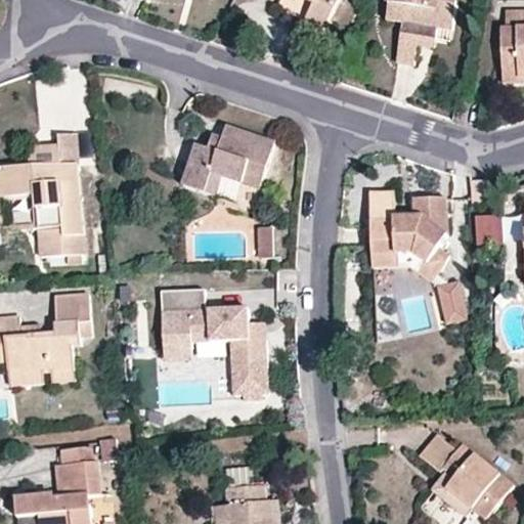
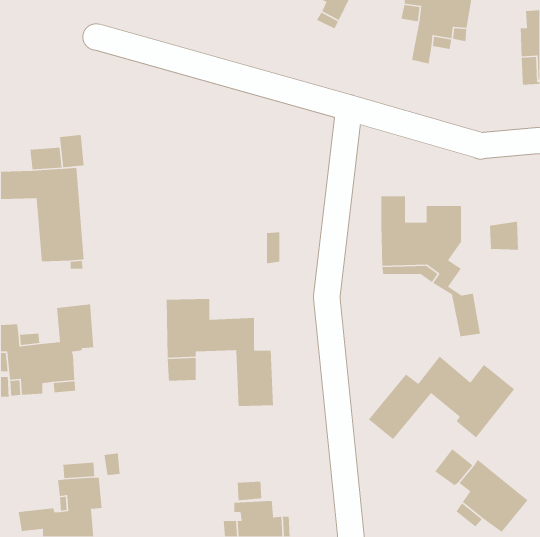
building: [183,126,274,193] -> none
building: none -> [368,355,515,440]

